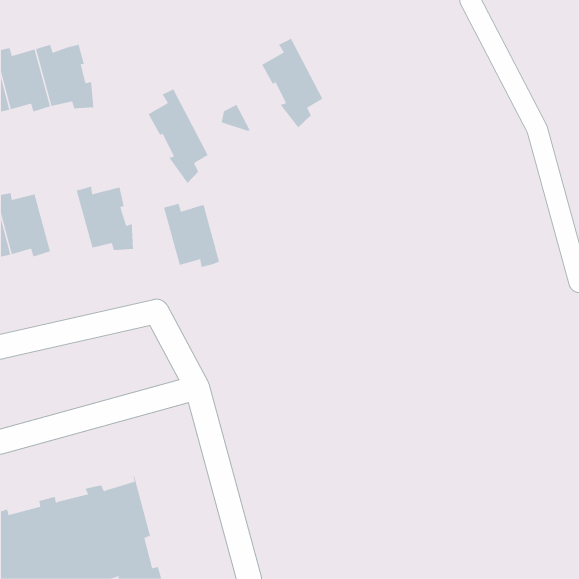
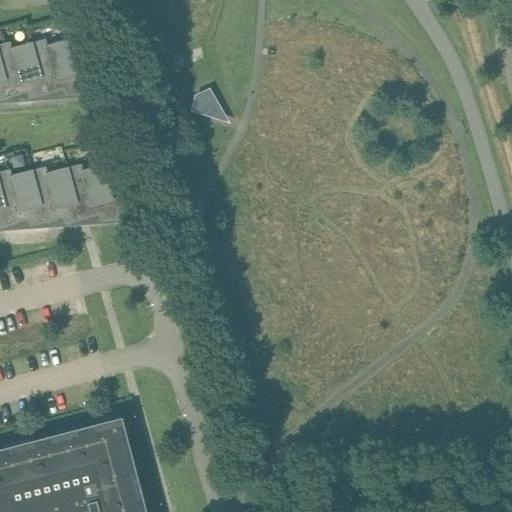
building: [261,38,323,128] -> none
building: [148,88,209,184] -> none
building: [163,203,220,268] -> [31,167,81,224]

